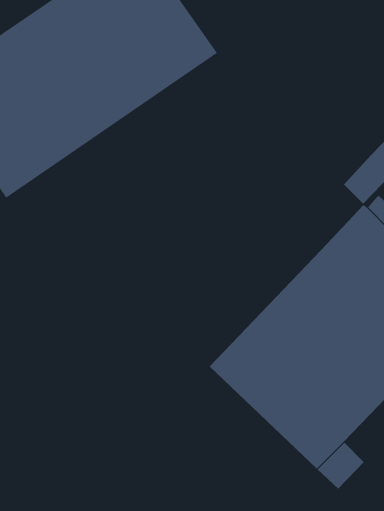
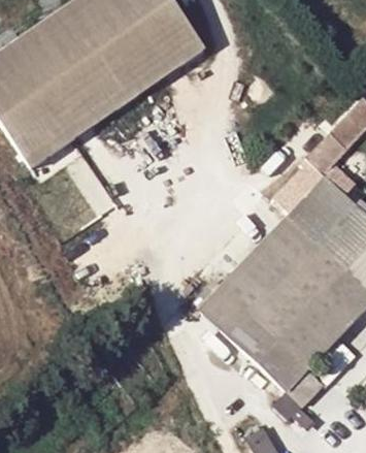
building: none -> [272,154,326,209]

